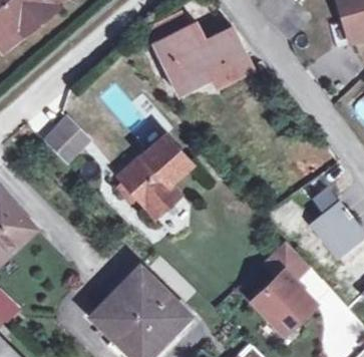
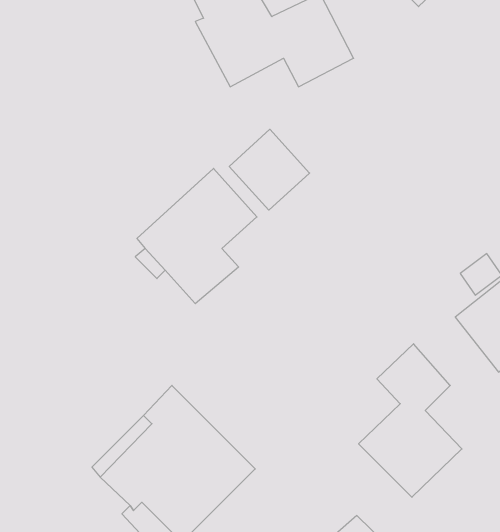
building: none -> [229,129,310,210]
building: [45,119,87,161] -> none

